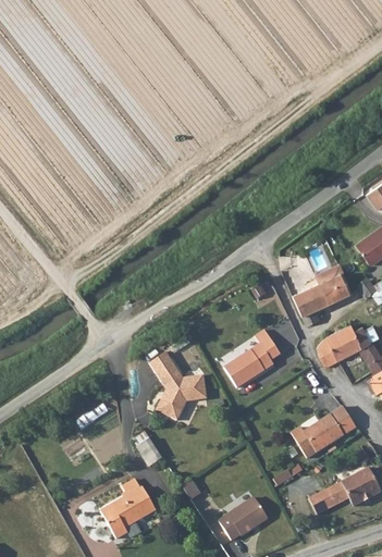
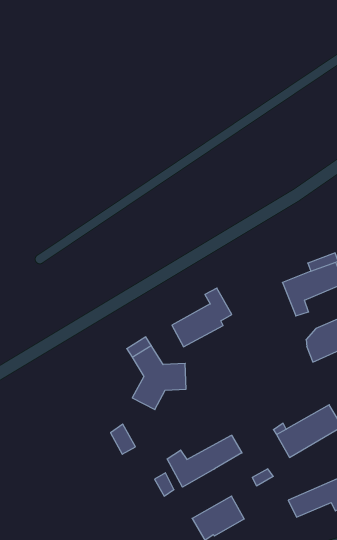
building: [225,330,281,386] -> [172,288,232,347]
building: none -> [167,435,242,487]
building: [100,476,155,535] -> none

